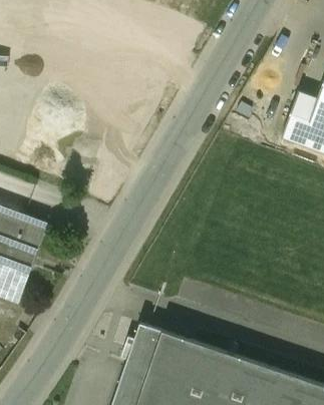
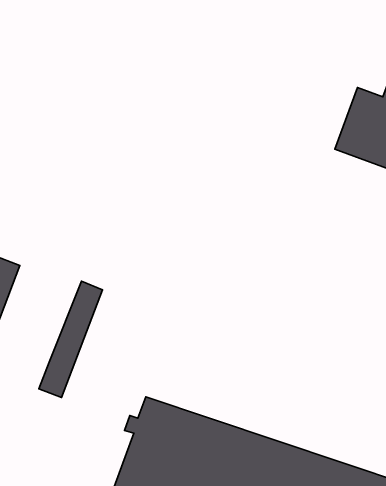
building: none -> [39,281,103,398]

